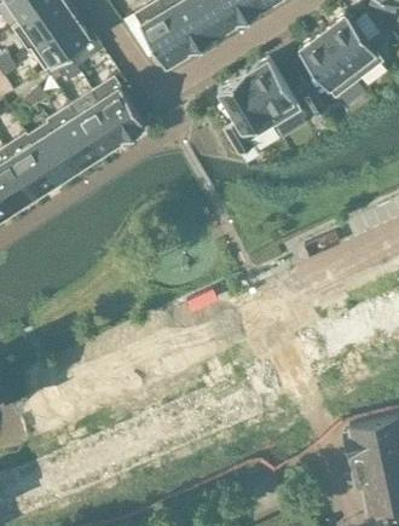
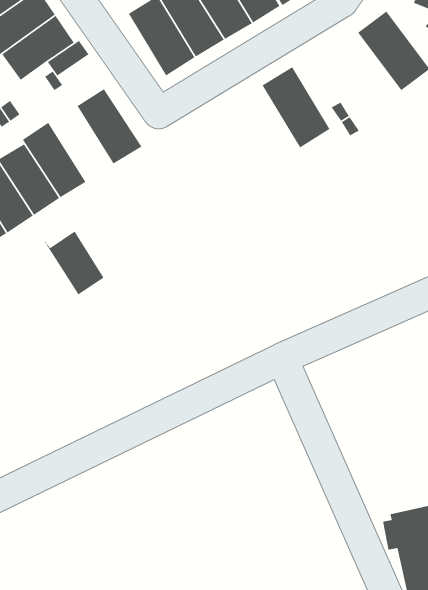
building: [297,30,358,98] -> none
building: [216,74,274,155] -> none
building: [68,91,121,154] -> [40,219,105,296]

